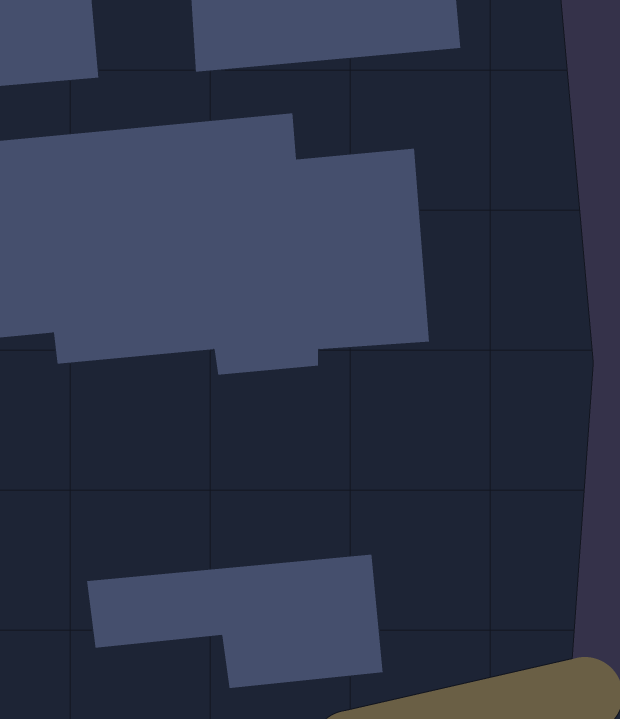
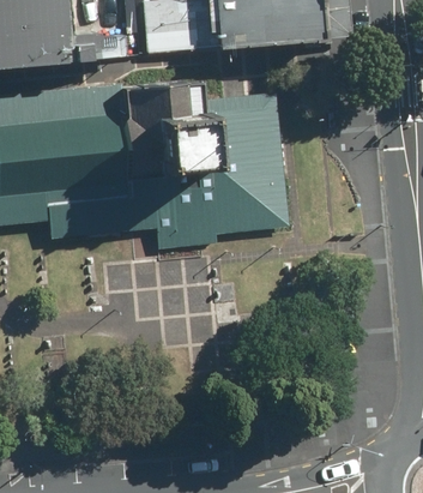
building: [87,554,383,689] -> none

